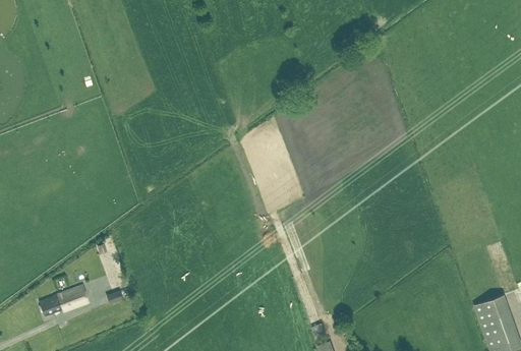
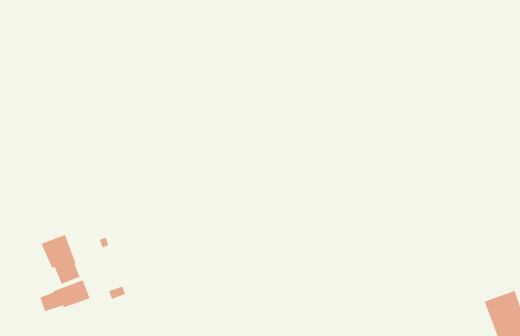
building: none -> [41,234,80,284]

